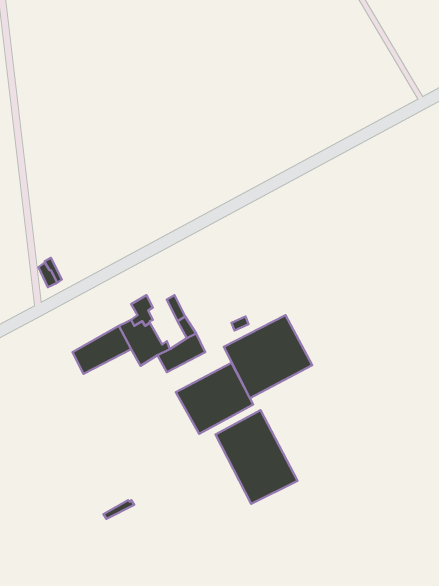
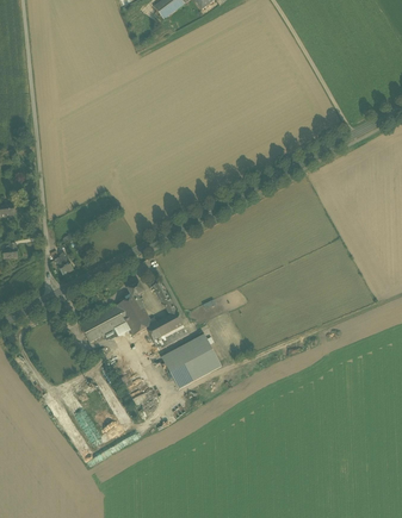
building: [224,315,312,398] -> none
building: [215,410,298,504] -> none

